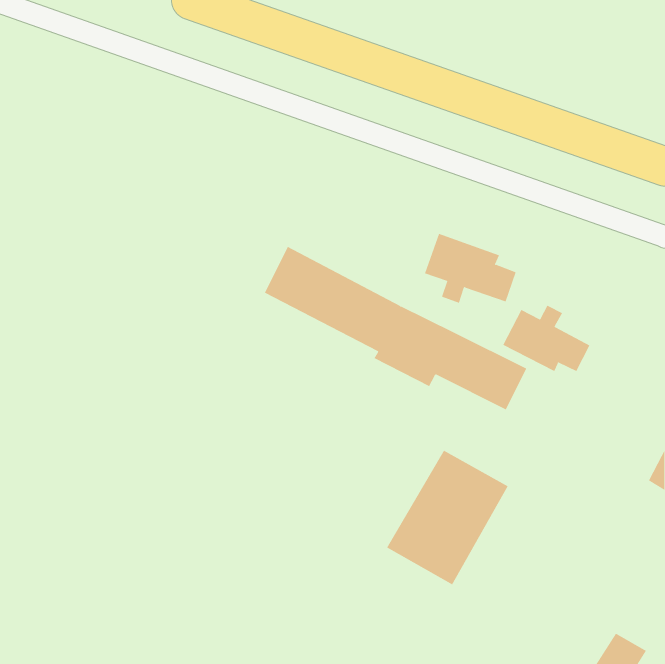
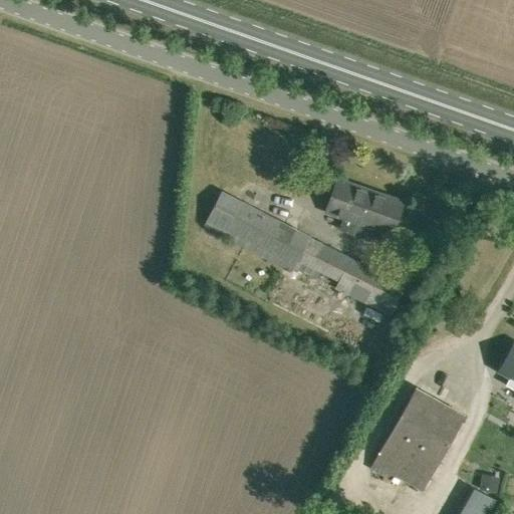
building: [502,305,590,372] -> none
building: [386,450,509,585] -> [372,388,467,492]

